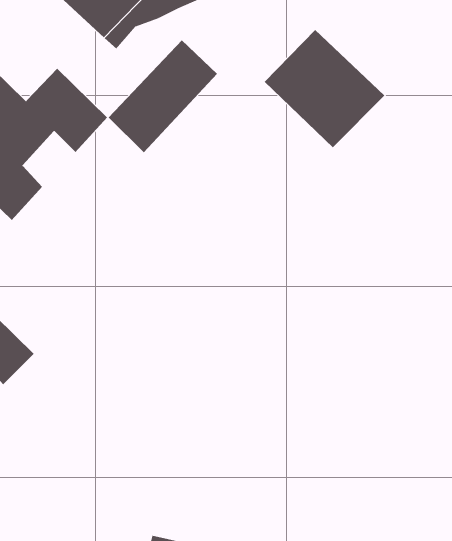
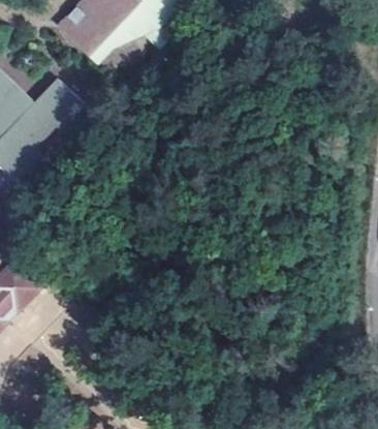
building: [264,29,385,148] -> none
building: [108,39,218,153] -> none

